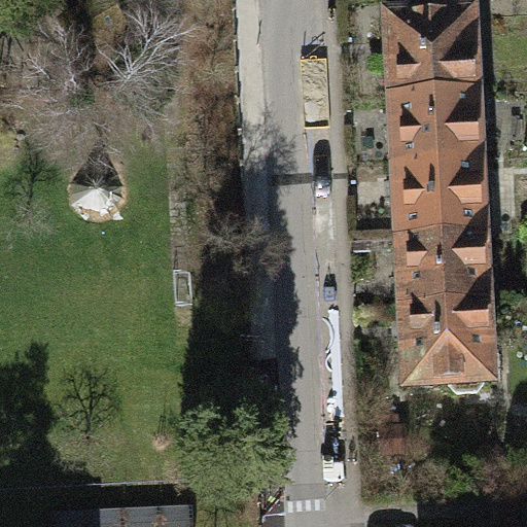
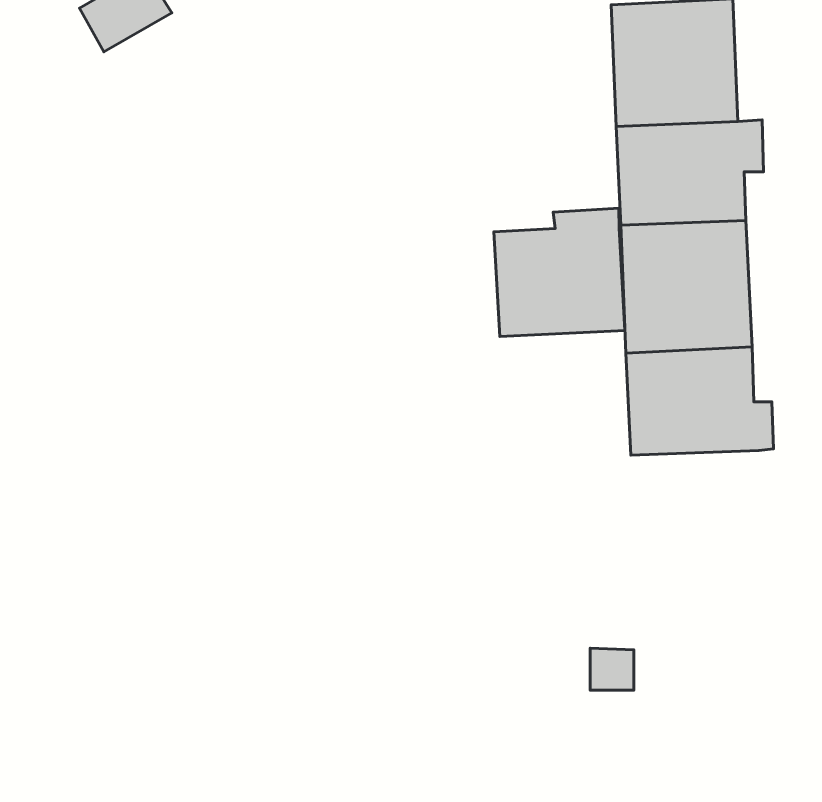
building: none -> [494,208,625,336]
building: [400,286,485,379] -> none

